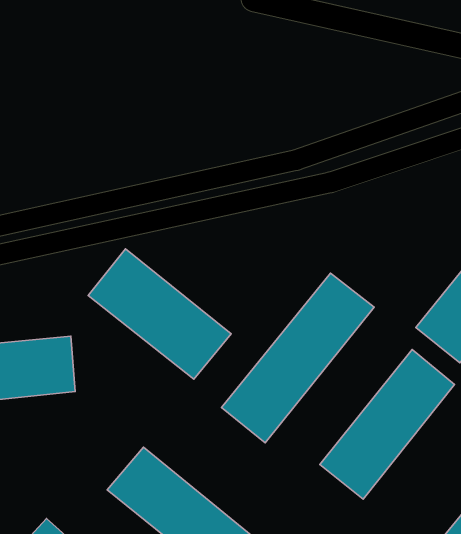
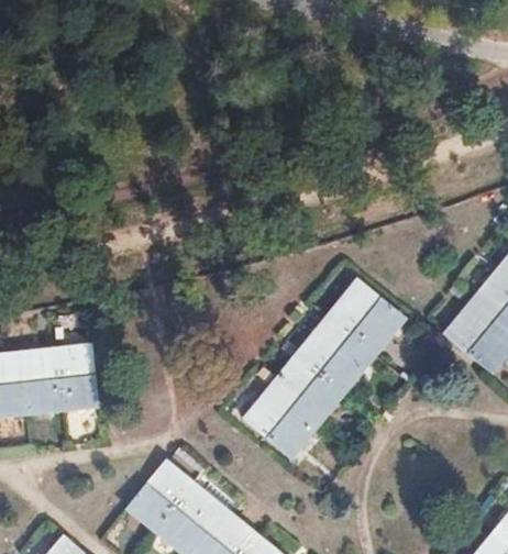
building: [88,249,231,379] -> none
building: [320,350,454,499] -> none

